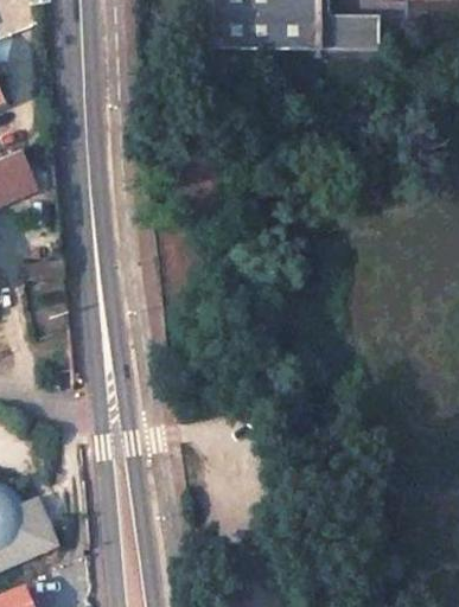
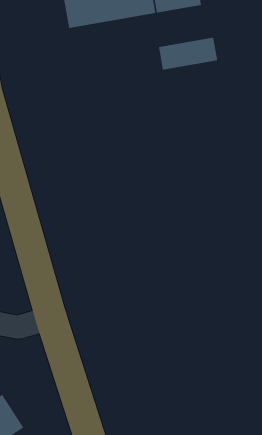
building: none -> [158,37,218,70]

